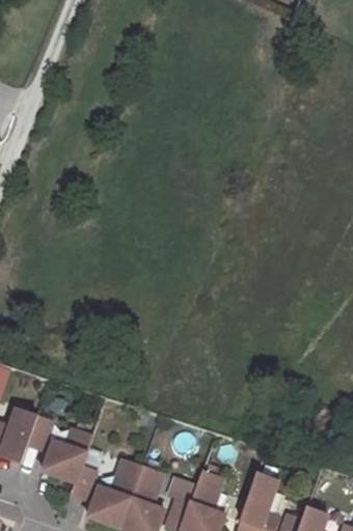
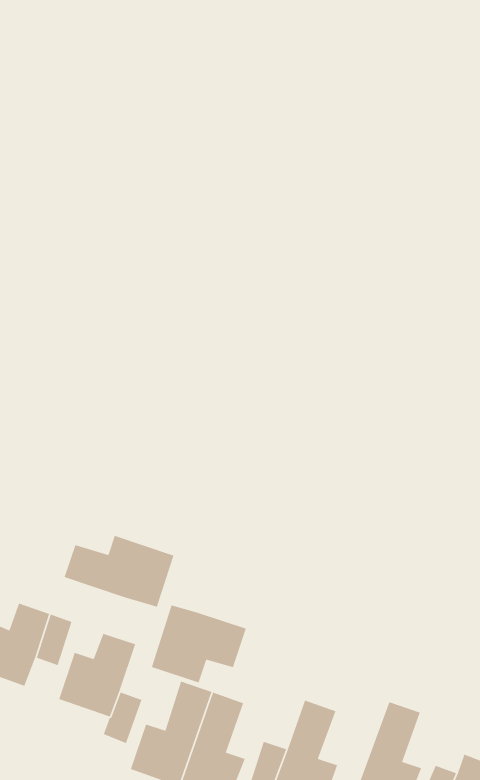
building: none -> [64,535,174,608]
building: none -> [151,604,247,684]

